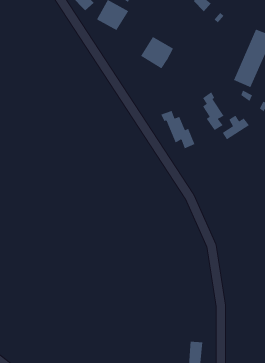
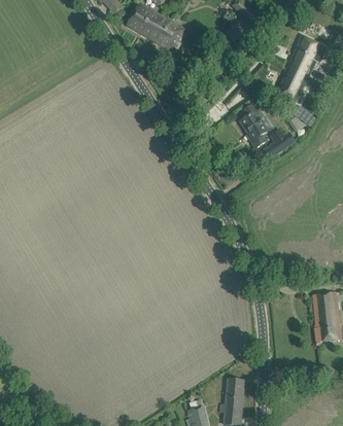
building: [140,36,174,69] -> [148,15,185,51]
building: [160,110,195,149] -> none

